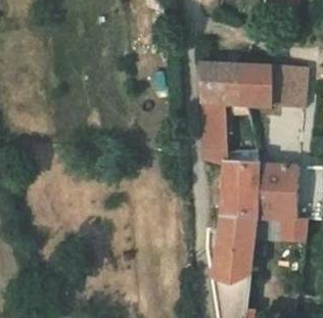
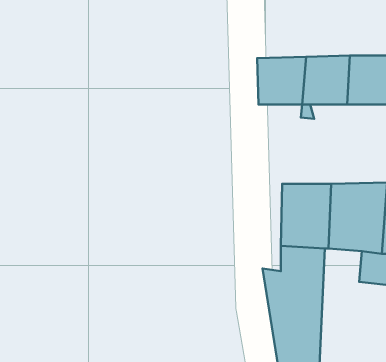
building: [202,95,223,156] -> none

